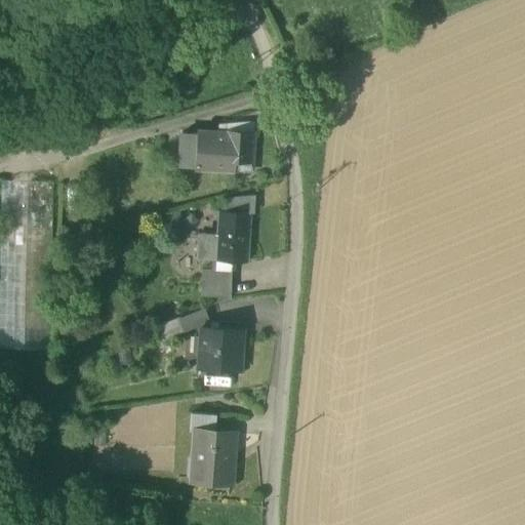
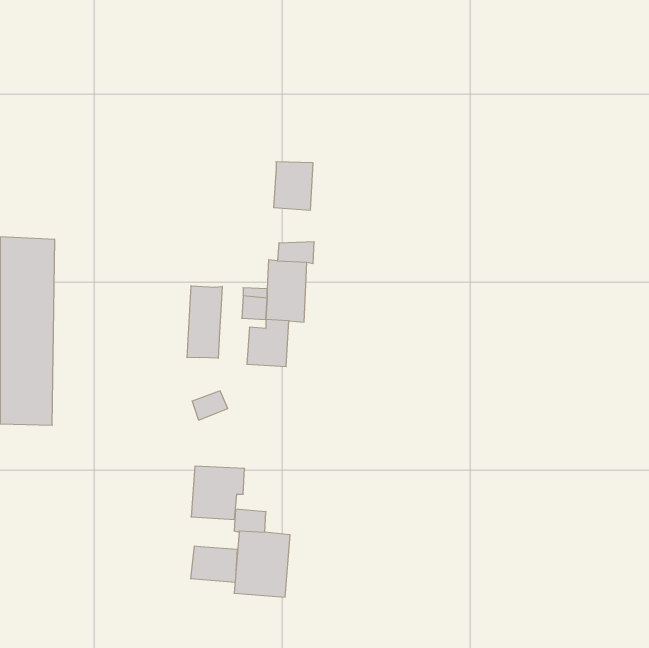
building: [178,134,224,169] -> none
building: none -> [187,286,222,358]
building: [198,326,241,369] -> [191,466,245,520]
building: none -> [191,546,237,583]

